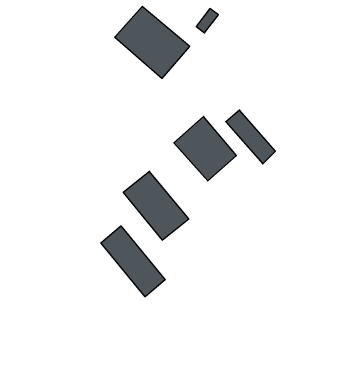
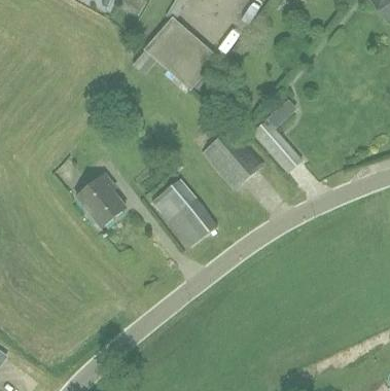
building: none -> [75,173,126,226]
building: [101,226,165,297] -> none

